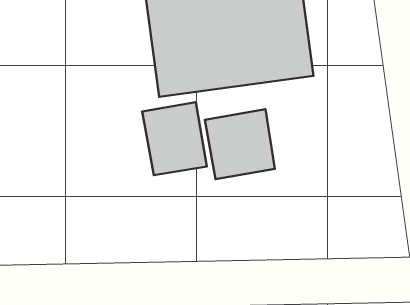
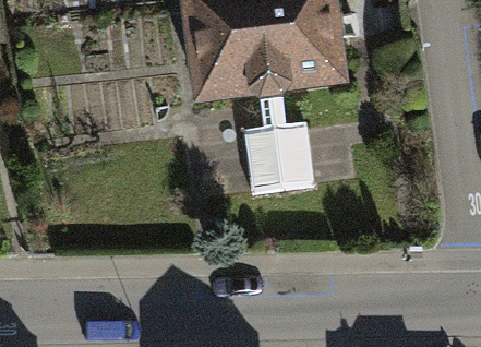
building: [142,102,207,175] -> none

